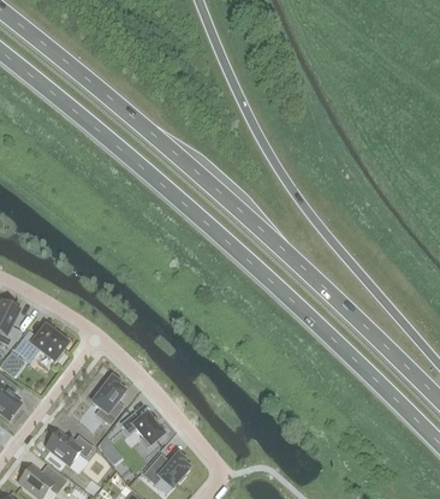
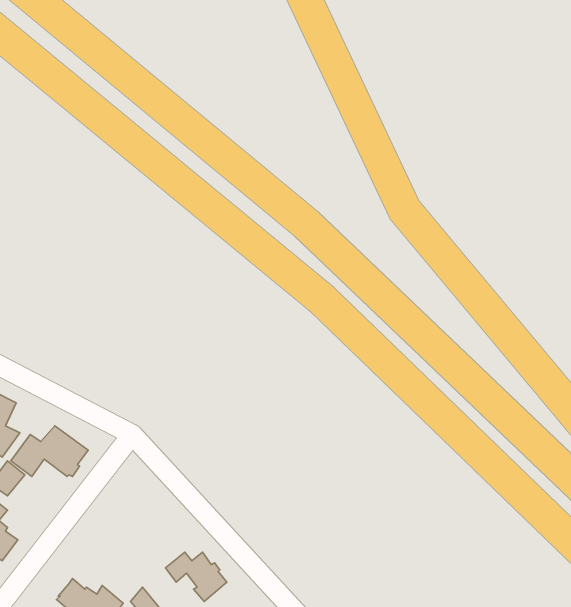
building: [91,376,124,424] -> none

